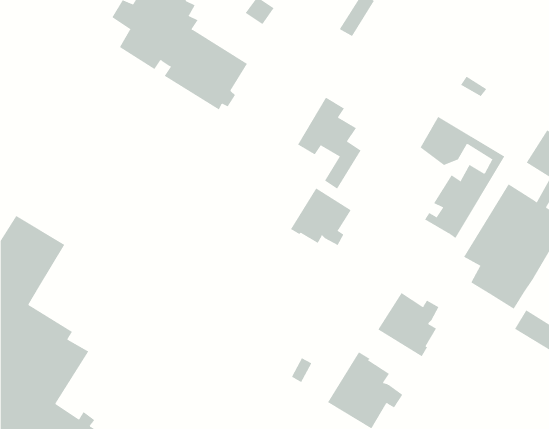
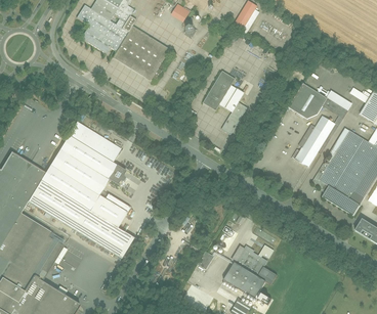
building: none -> [28,120,134,258]
building: [290,187,352,246] -> none
building: [378,292,439,357] -> none

